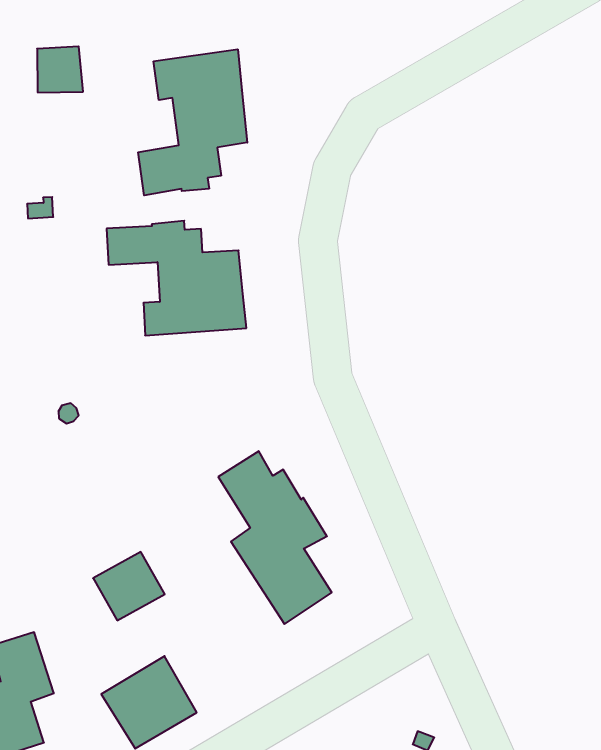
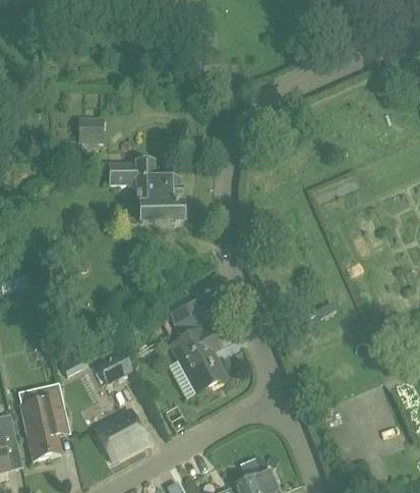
building: [37,46,83,92] -> [78,117,104,143]
building: [138,49,247,195] -> none

